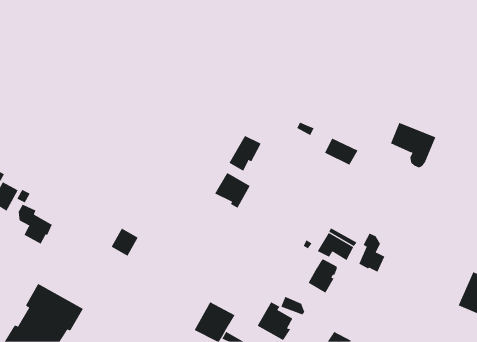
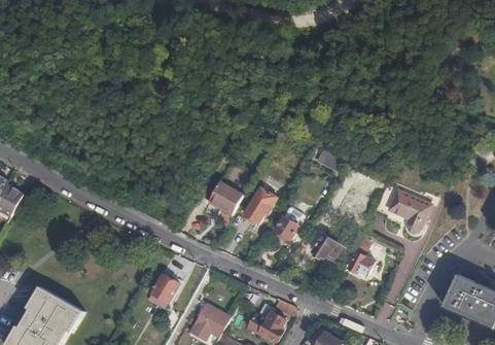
building: [390,122,436,168] -> [387,189,431,234]
building: [228,135,262,171] -> [244,188,276,223]
building: [18,204,52,245] -> none
building: [111,228,139,257] -> [151,275,178,303]
building: [308,259,338,293] -> [274,207,303,240]

